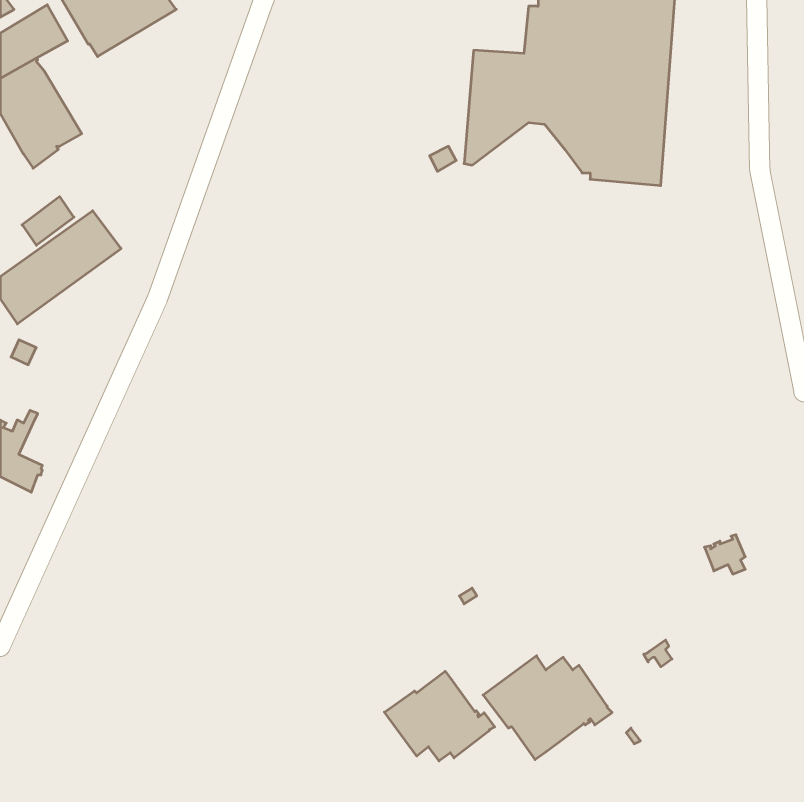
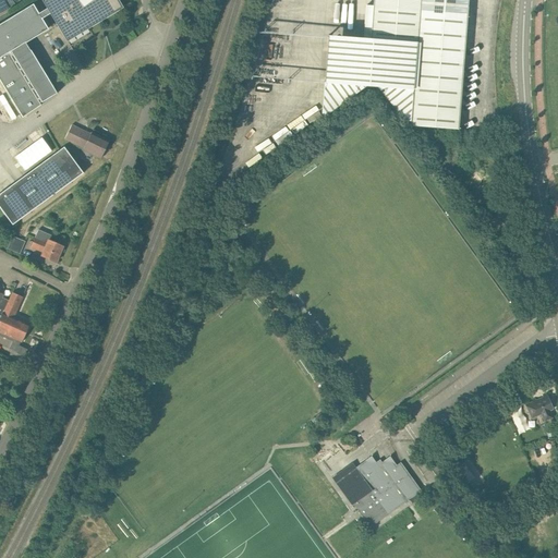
building: none -> [64,123,109,158]
building: none -> [31,229,63,262]
building: [704,535,745,574] -> [524,392,553,420]
building: [384,671,495,761] -> none

